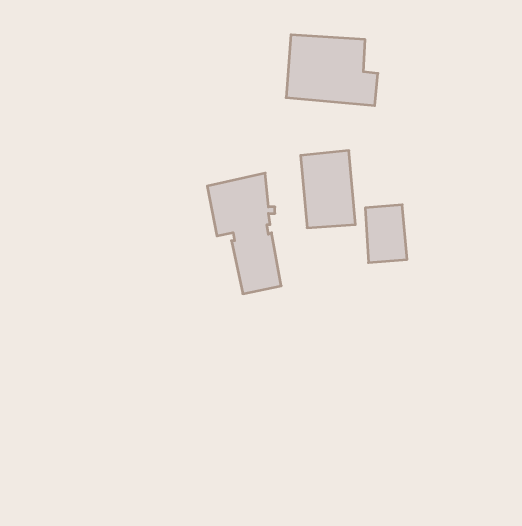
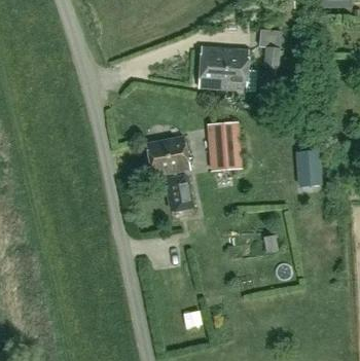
building: none -> [259,29,282,66]
building: [365,205,407,263] -> [295,149,322,186]

